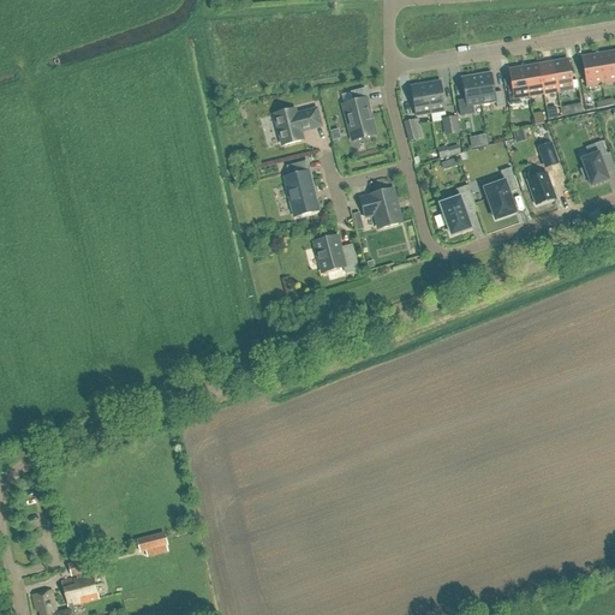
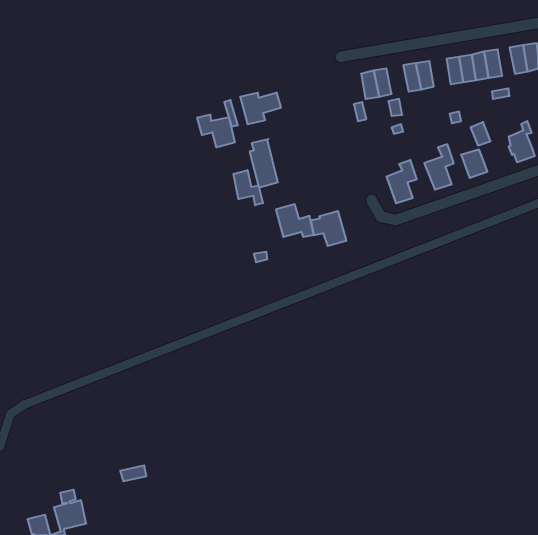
building: [344,85,375,138] -> none
building: none -> [197,114,235,147]
building: [360,186,401,226] -> [311,211,346,246]
building: none -> [234,170,263,205]

